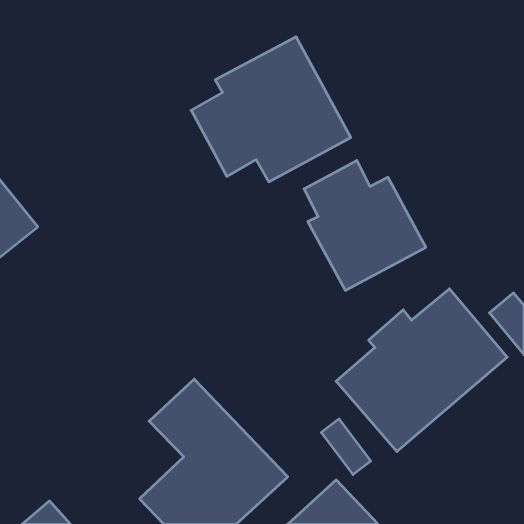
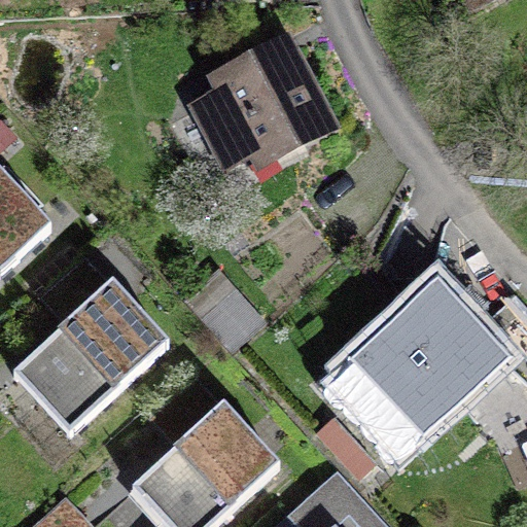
building: [304,160,426,290] -> none
building: none -> [24,252,170,432]

